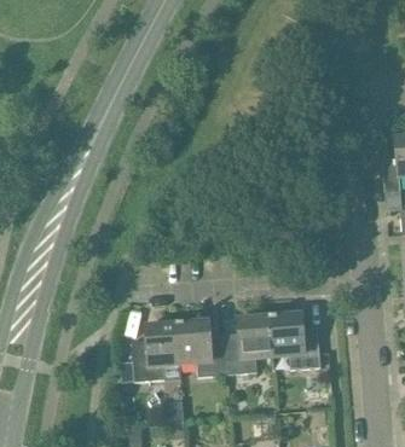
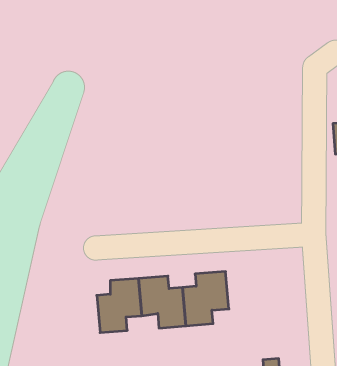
building: [268,314,320,370] -> none

